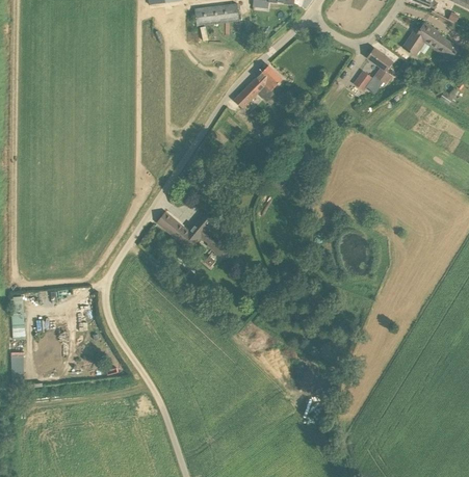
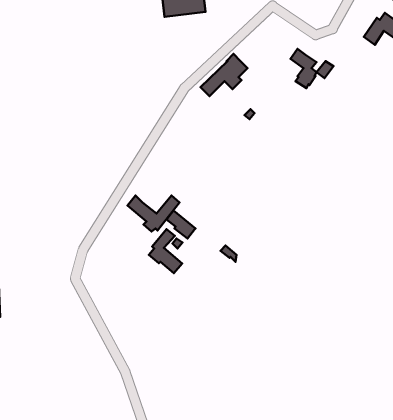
building: [366,47,393,87] -> [291,49,317,88]
building: none -> [149,229,182,273]

